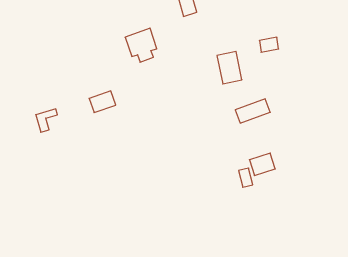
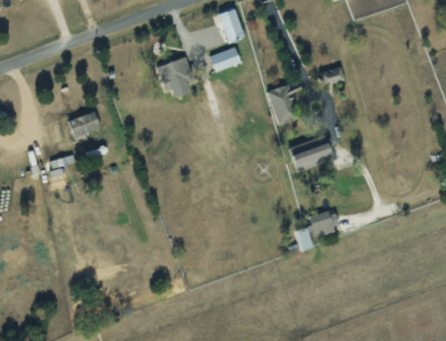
building: none -> [209,46,240,72]
building: [89,91,116,113] -> [67,111,100,137]

